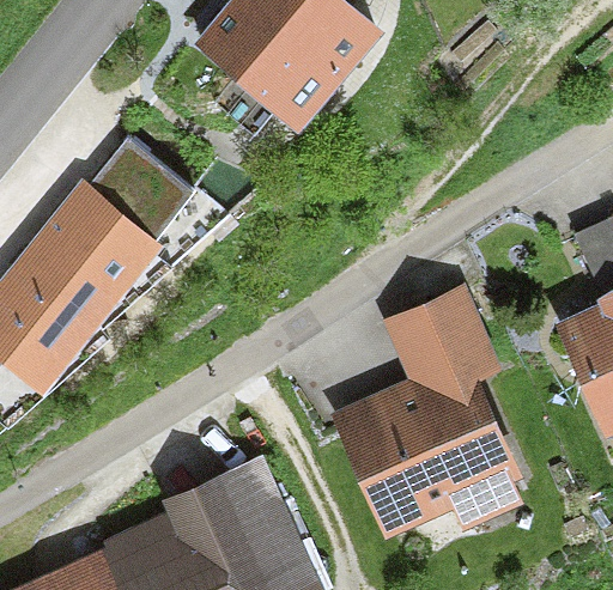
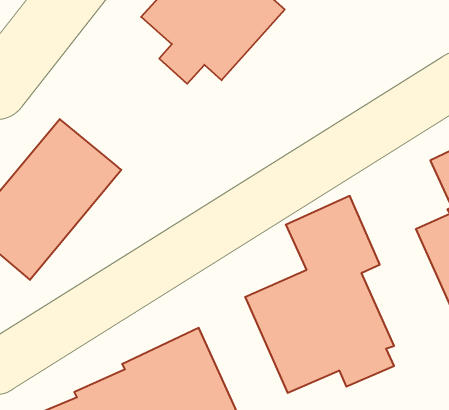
building: [90,138,194,241] -> none

